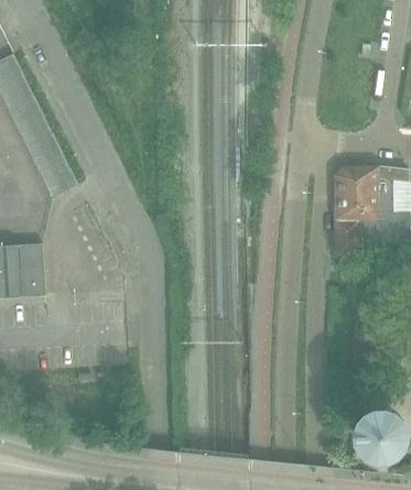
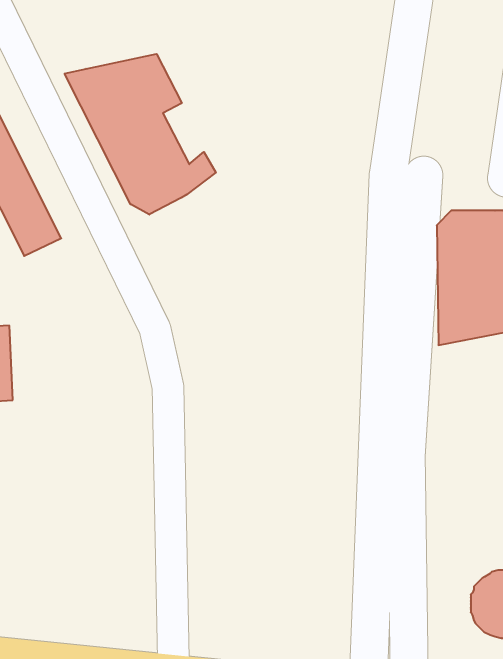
building: none -> [65,54,216,215]

